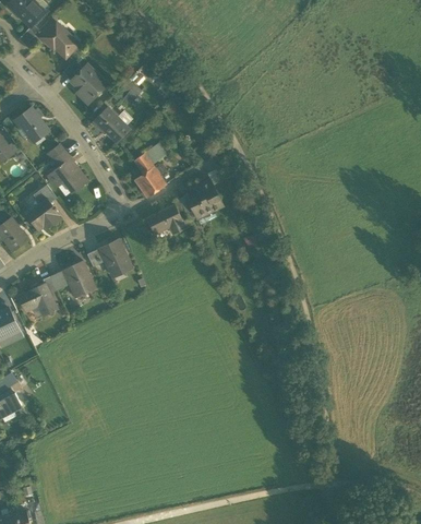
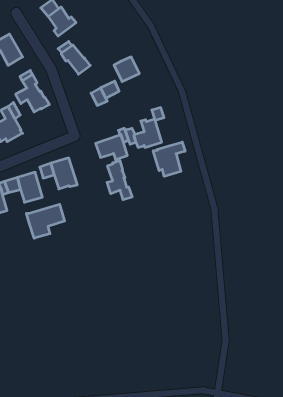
building: [134,168,165,198] -> [114,57,139,82]
building: none -> [153,142,185,176]
building: none -> [107,160,132,200]
building: none -> [26,204,65,238]

